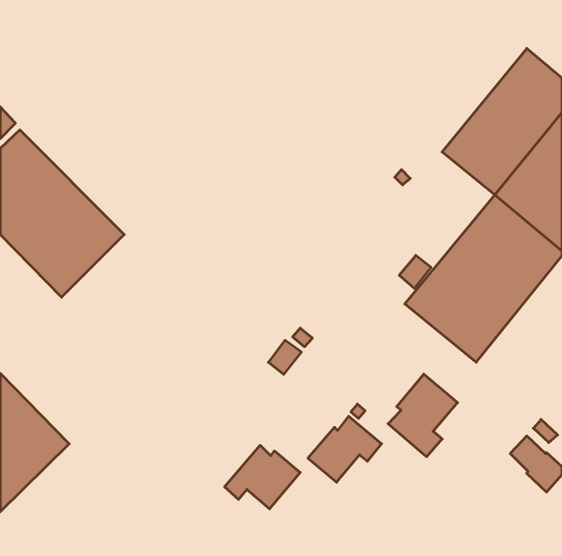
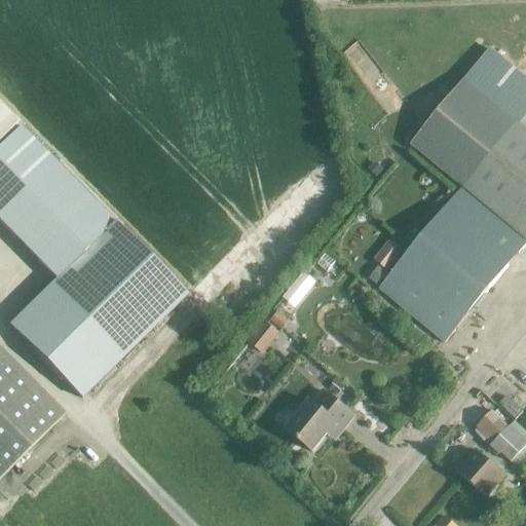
building: none -> [11,220,188,396]
building: [388,374,458,457] -> none
building: [225,445,300,509] -> none
building: none -> [457,447,504,493]

